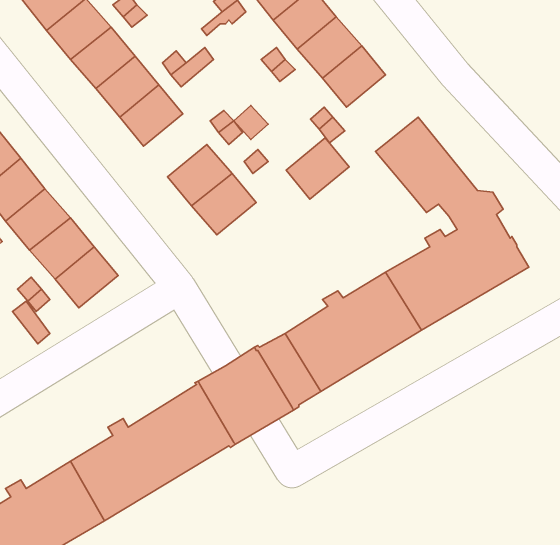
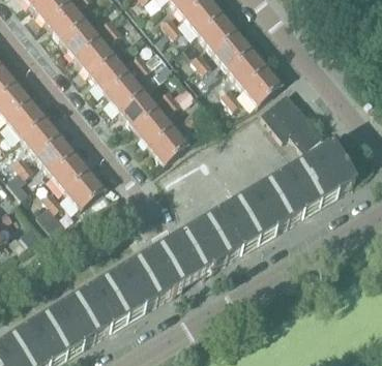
building: none -> [118,88,156,126]
building: [286,138,349,199] -> [241,64,280,101]

